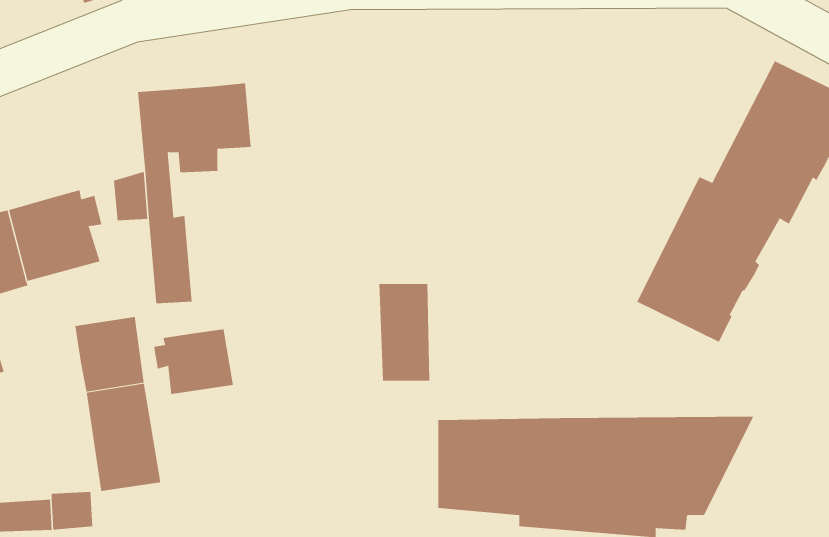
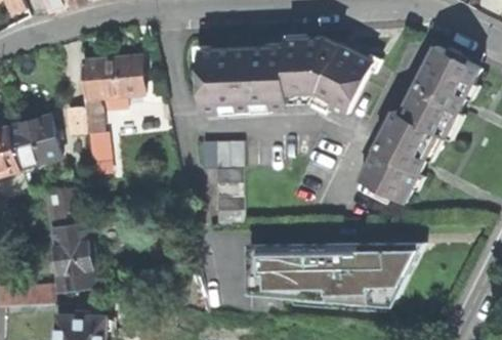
building: none -> [201,37,373,112]
building: none -> [201,139,243,167]
building: [153,329,233,395] -> none

